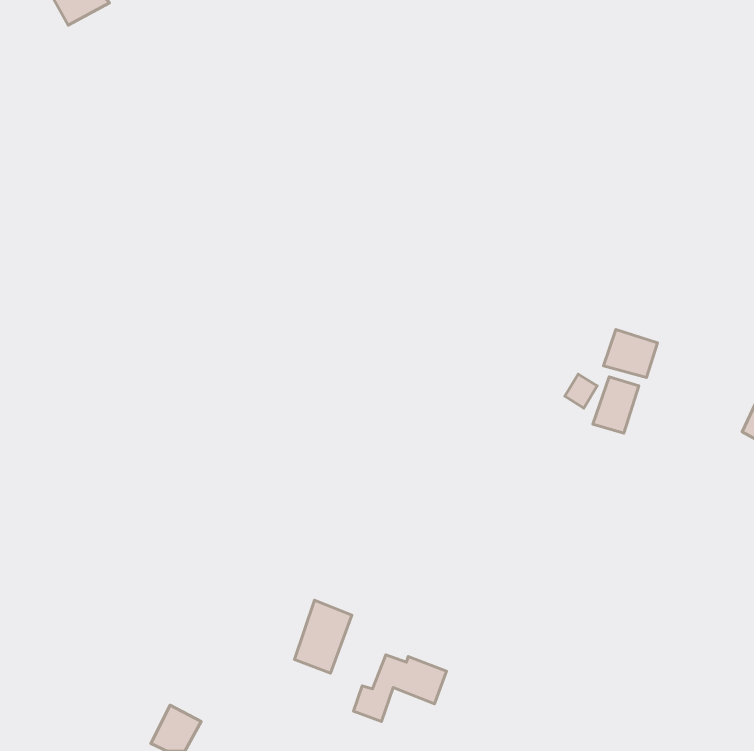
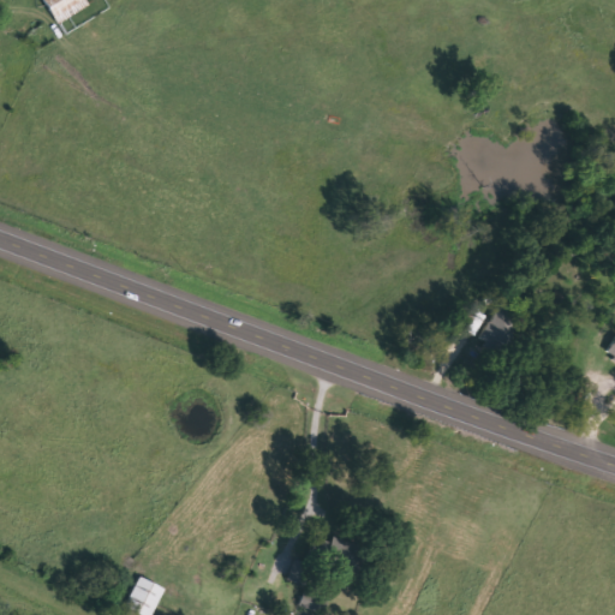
building: [604,330,658,377] -> none
building: [295,600,352,673] -> none

